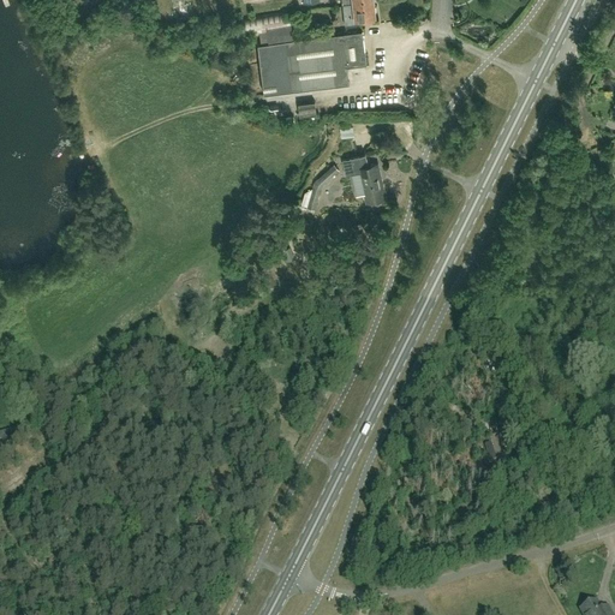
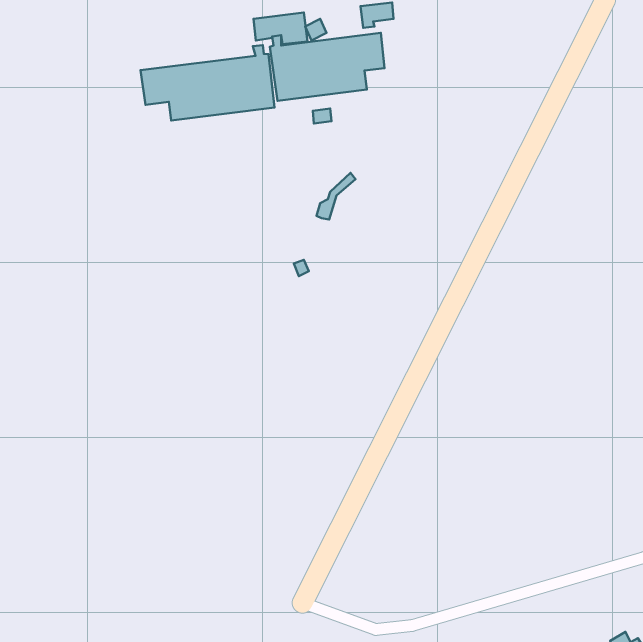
building: none -> [140,45,274,121]
building: [344,157,387,205] -> none

